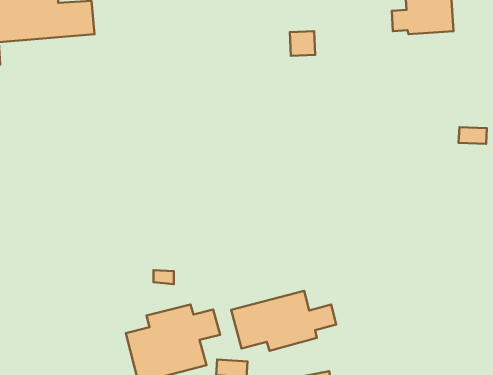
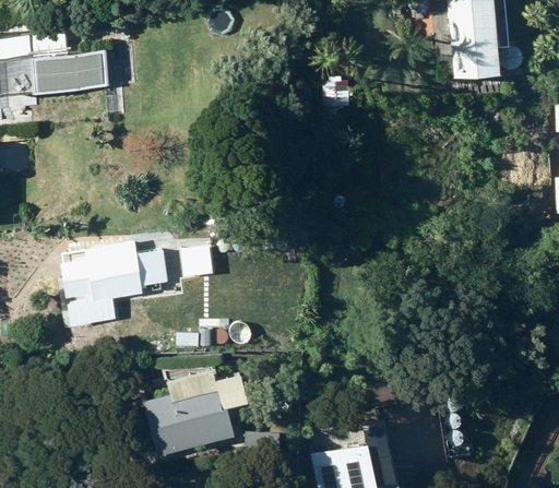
building: none -> [64,246,167,331]
building: [231,291,336,351] -> none

